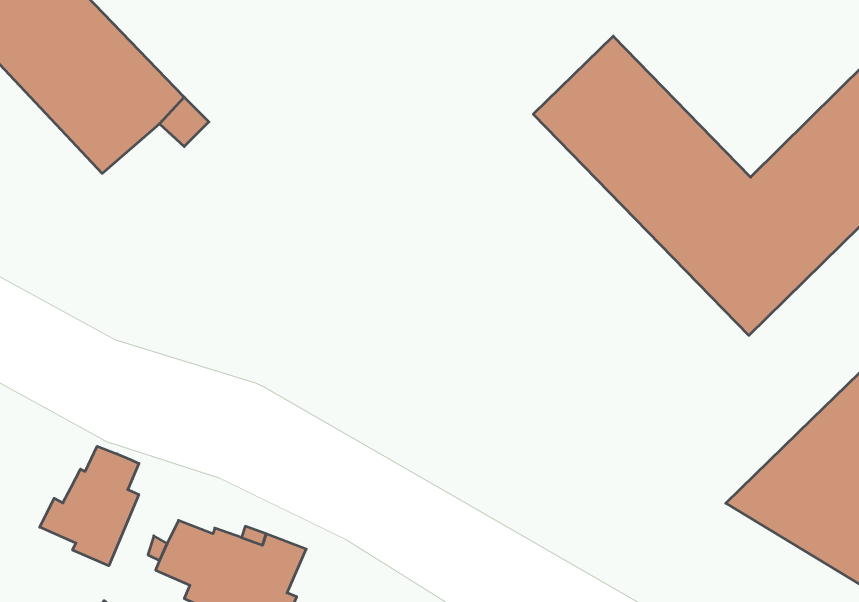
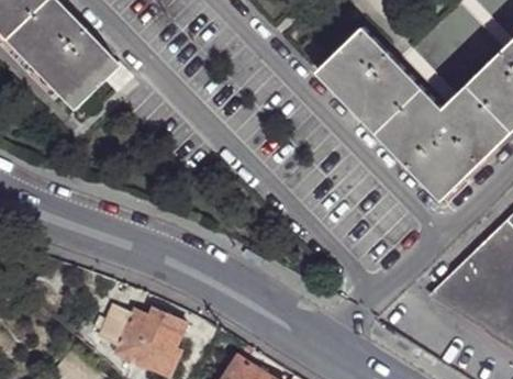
building: [40,446,139,566] -> none

